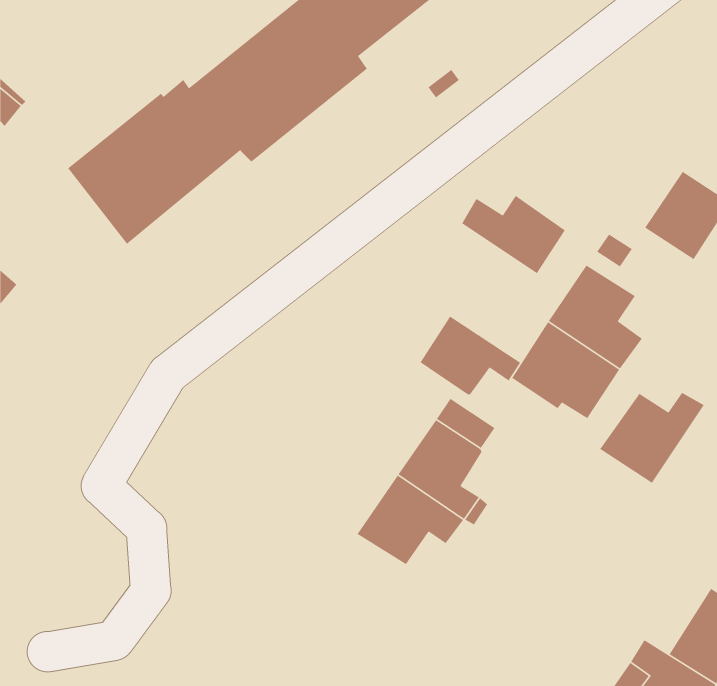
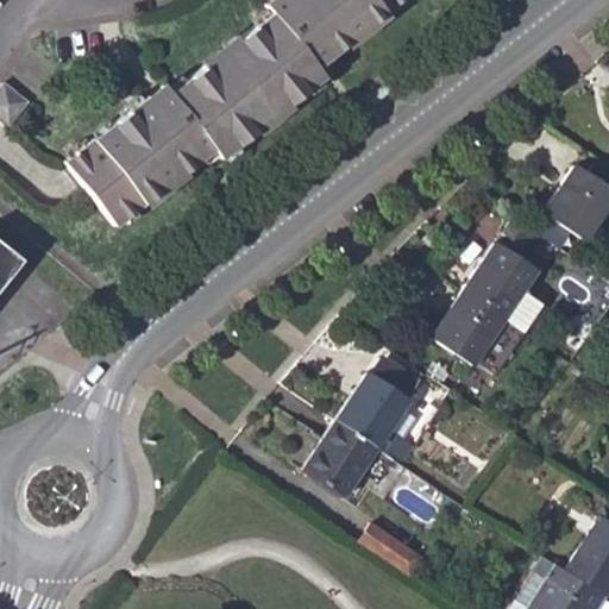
building: [461,195,566,274] -> none
building: [420,316,521,395] -> none
building: [599,392,705,484] -> none
building: none -> [363,523,429,577]

